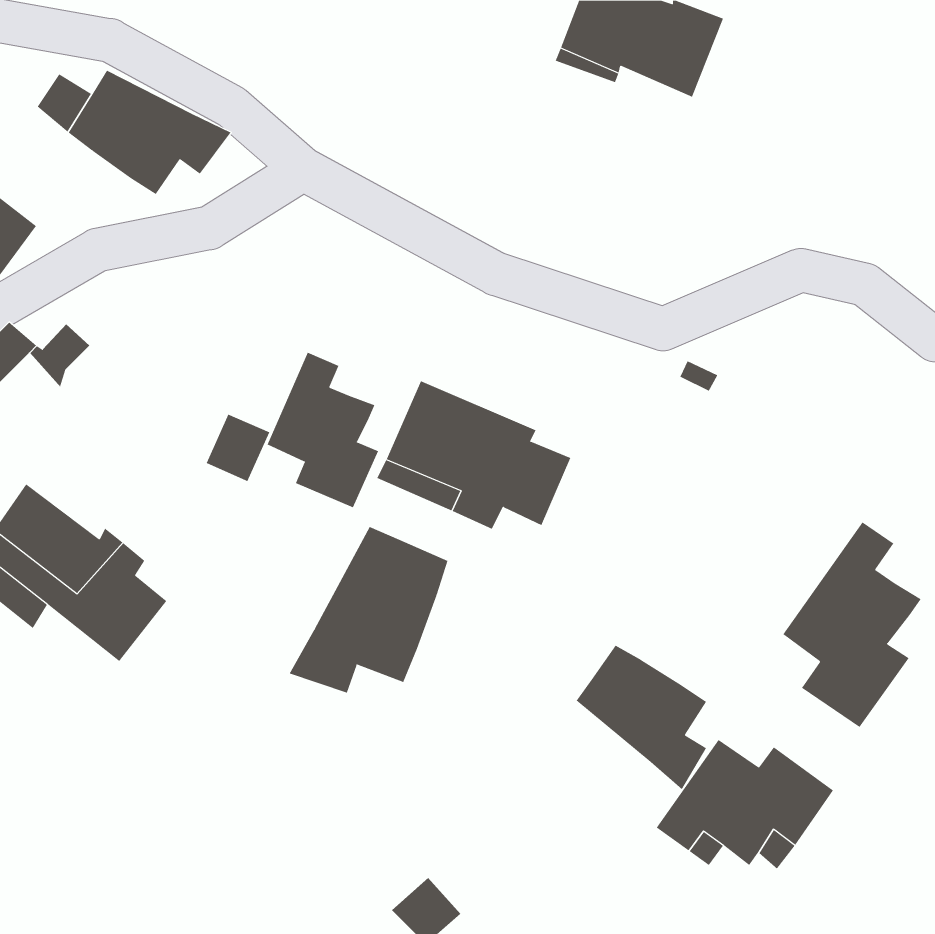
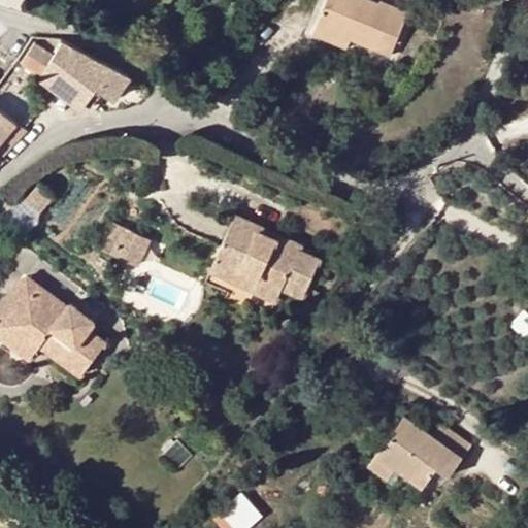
building: [267,352,379,508] -> none
building: [783,521,922,728] -> none
building: [289,526,448,694] -> none
building: [576,645,707,790] -> none

